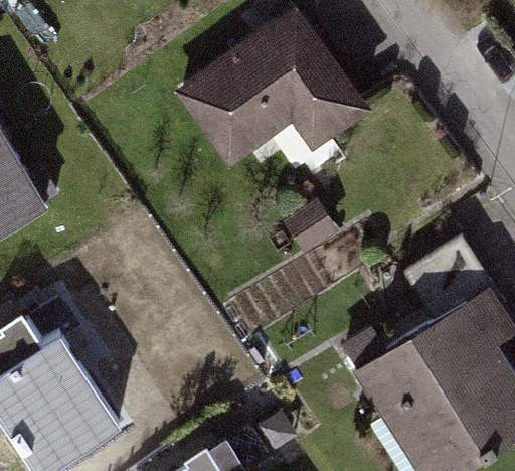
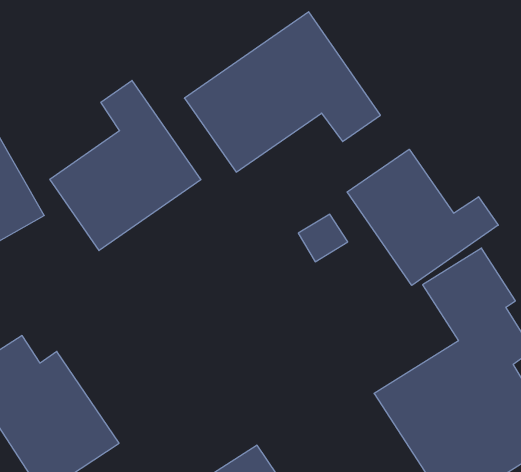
building: none -> [50,80,201,251]
building: none -> [347,149,498,285]

